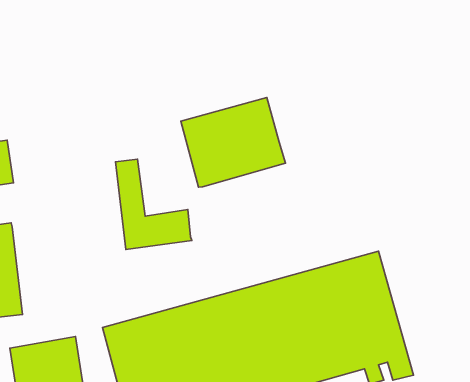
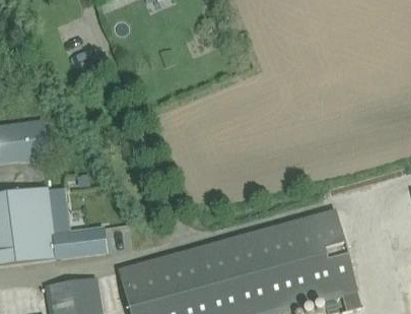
building: [181,98,286,187] -> none
building: [116,159,192,250] -> [48,187,108,258]

